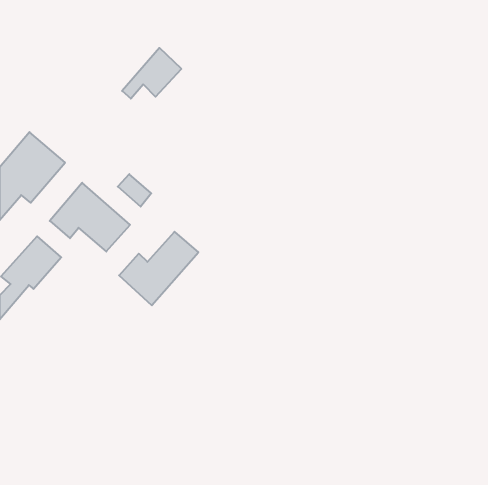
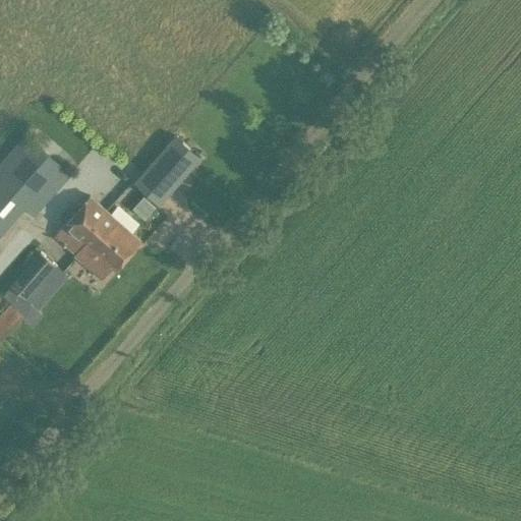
building: [122,48,181,99] -> [134,137,197,191]
building: [119,232,198,305] -> none

